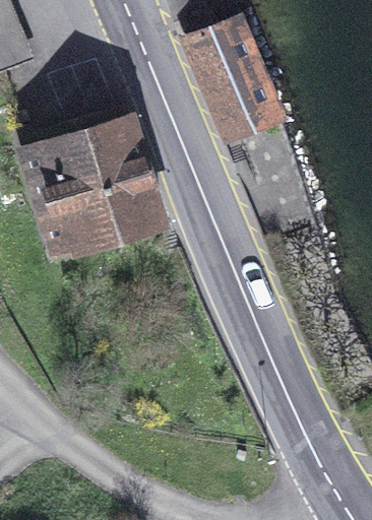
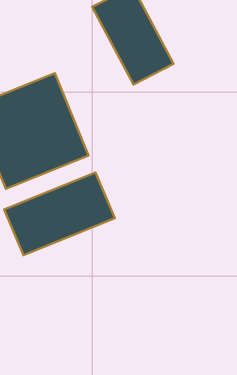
building: none -> [4,172,115,255]

